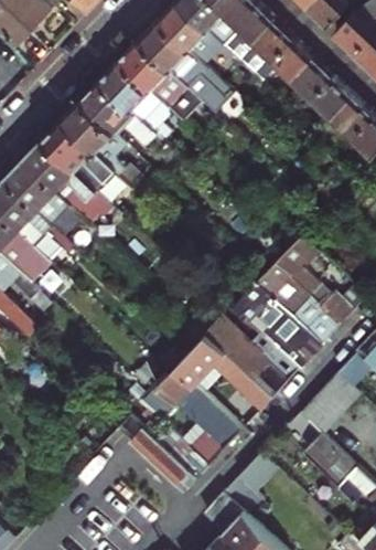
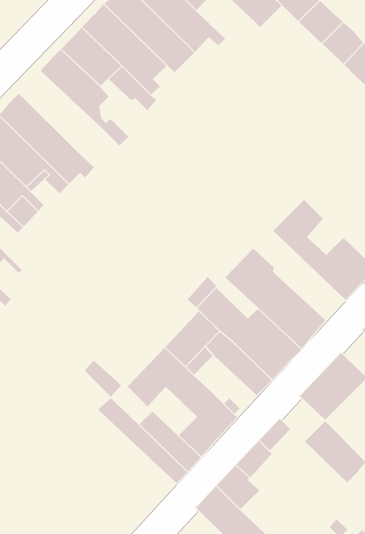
building: [43,119,116,191] -> none
building: [256,264,337,345] -> none

